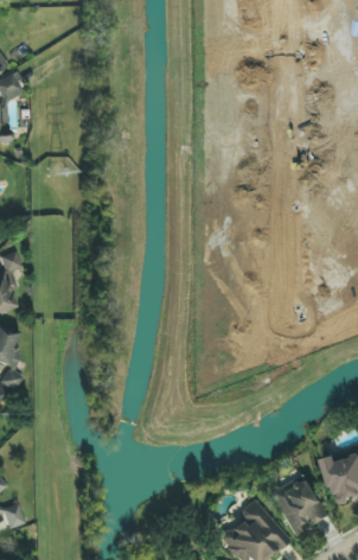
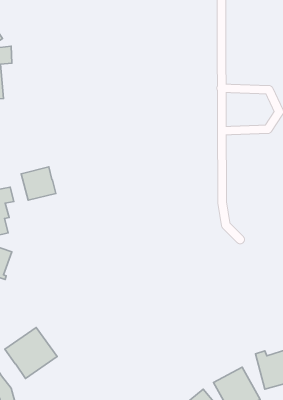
building: none -> [21,167,56,200]
building: none -> [5,327,57,378]

